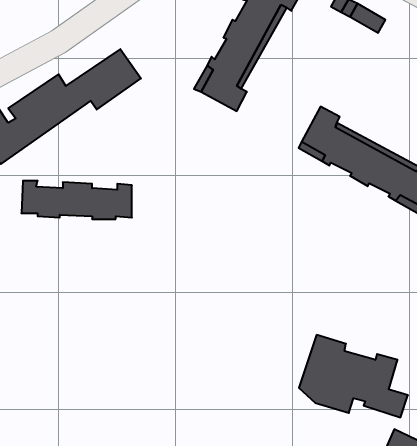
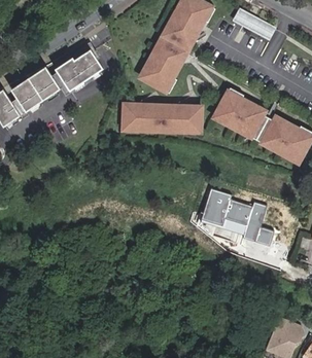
building: [21,181,132,219] -> [124,103,201,130]
building: [299,335,408,417] -> [198,187,274,245]

